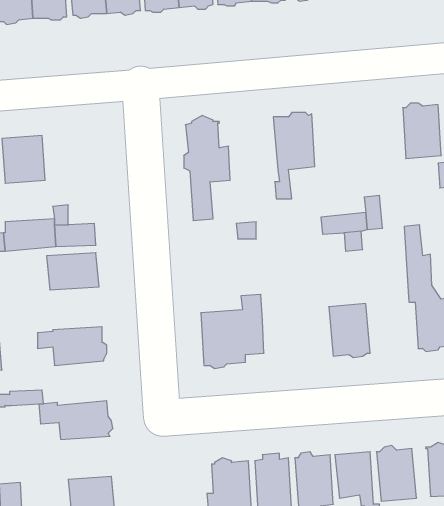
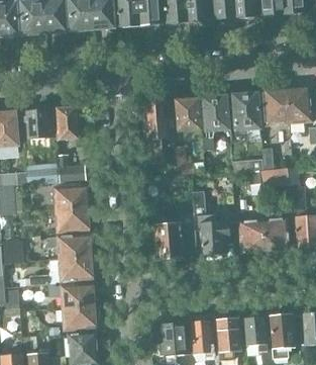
building: none -> [262,88,288,124]
building: none -> [231,89,260,136]
building: none -> [174,94,201,139]
building: none -> [55,104,80,140]
building: none -> [191,190,229,258]
building: none -> [55,207,90,233]
building: none -> [261,216,289,252]
building: none -> [58,256,93,281]
building: none -> [62,305,97,330]

